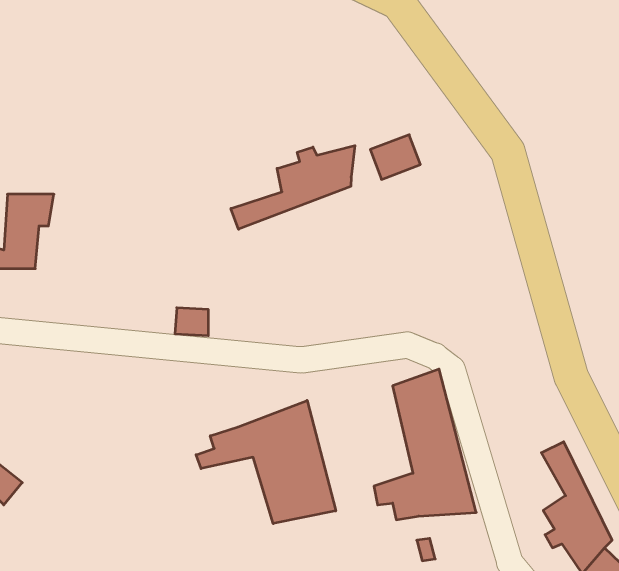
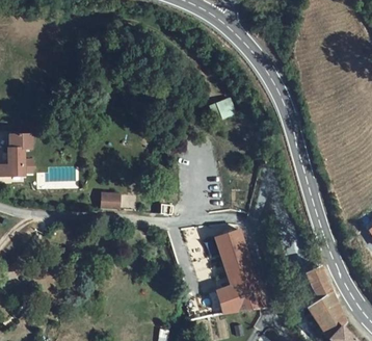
building: [231,146,355,229] -> none
building: [196,400,336,524] -> none

